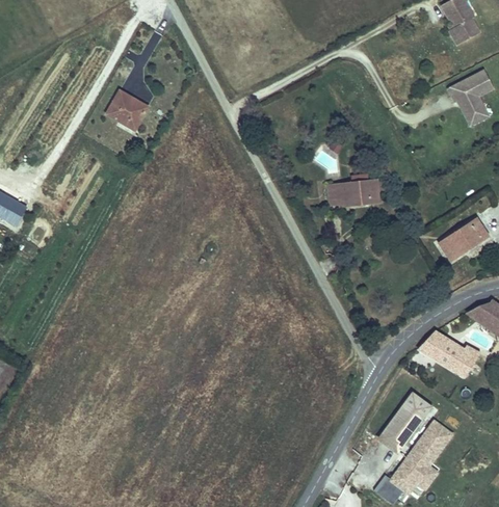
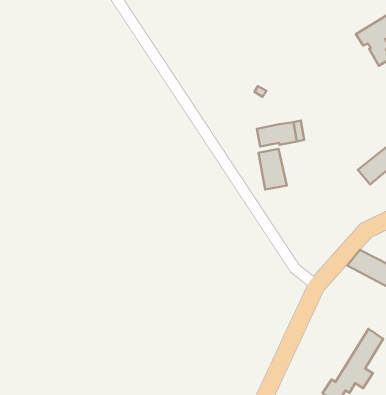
building: [105,86,149,129] -> none
building: none -> [258,149,287,190]
building: [380,392,429,448] -> none

